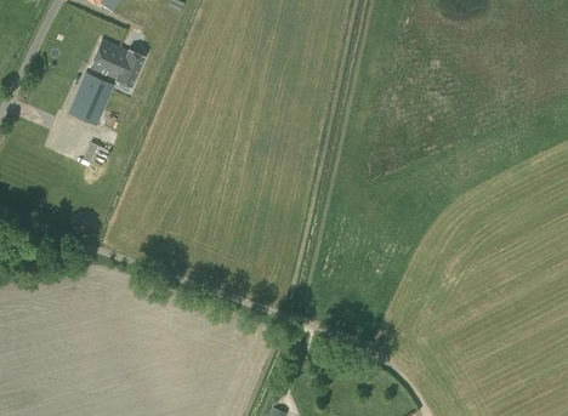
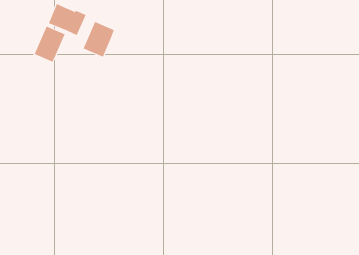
building: none -> [83,21,115,57]

